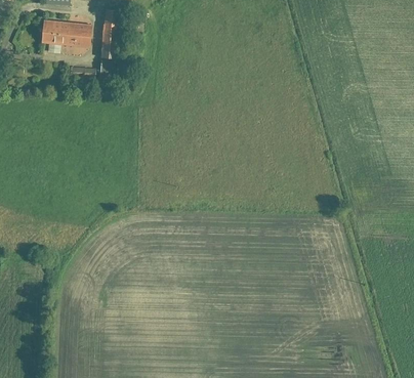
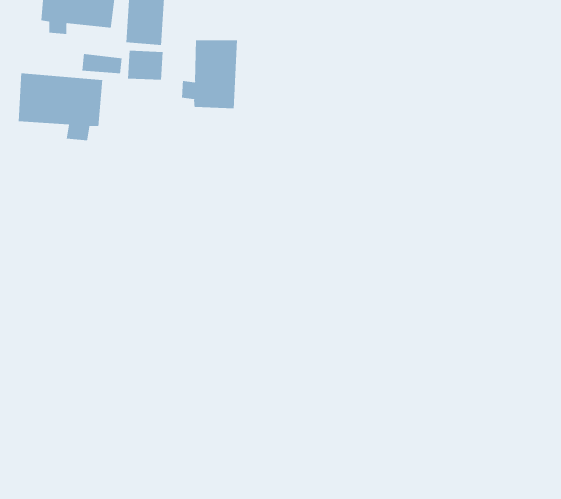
building: none -> [182,39,237,109]
building: none -> [18,72,103,141]

